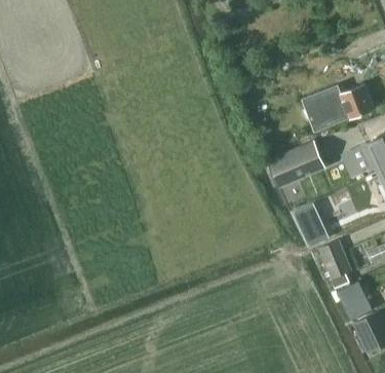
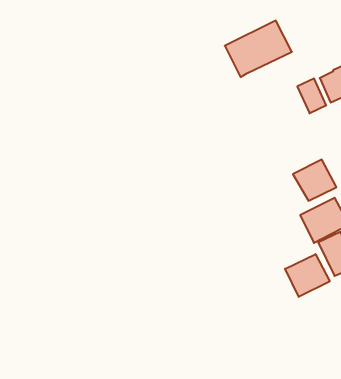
building: [266,141,325,189] -> [225,21,292,77]
building: none -> [285,254,330,297]

